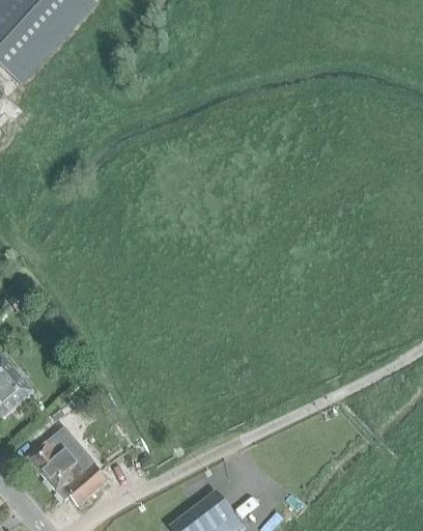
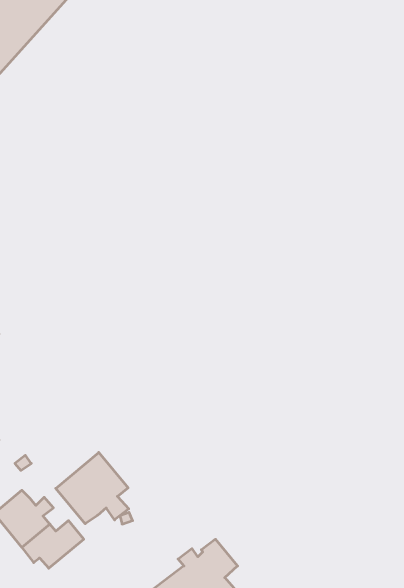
building: none -> [56,452,129,524]

